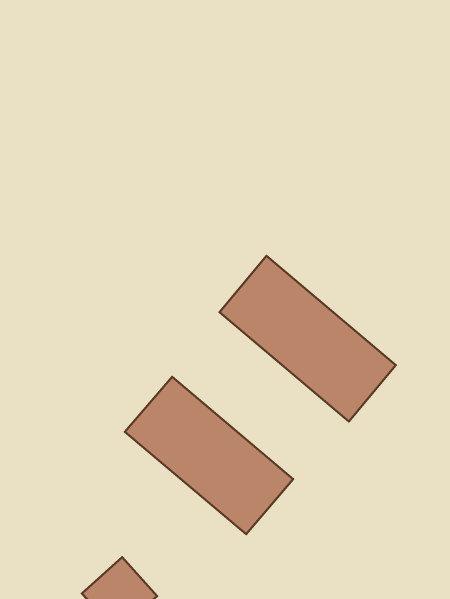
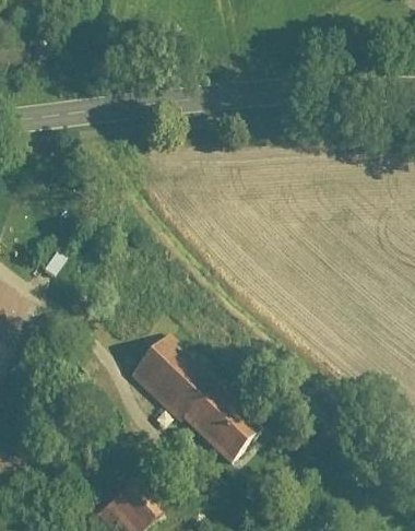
building: [219,256,396,421] -> none

